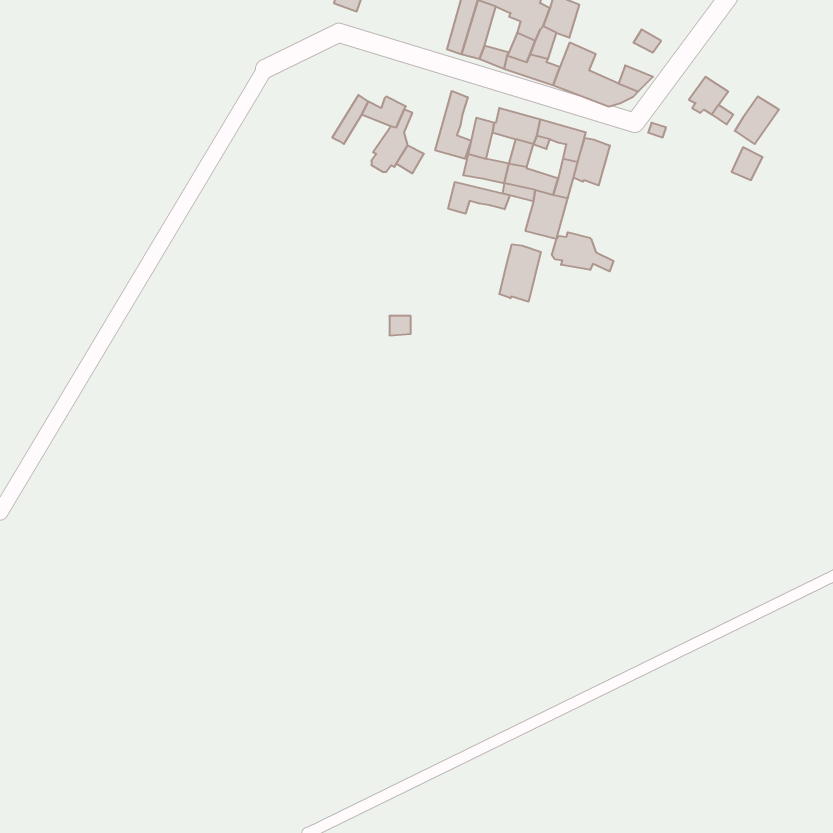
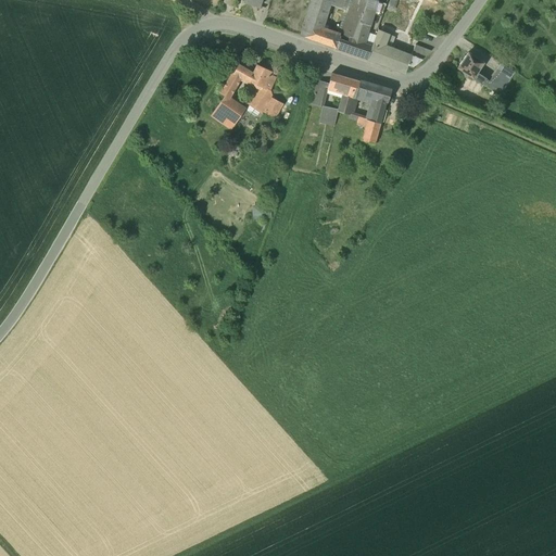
building: [435,91,471,159] -> none
building: [573,138,610,185] -> none
building: none -> [213,93,247,127]
building: [448,182,510,214] -> none
building: [552,232,614,271] -> none
building: [499,244,541,302] -> none

